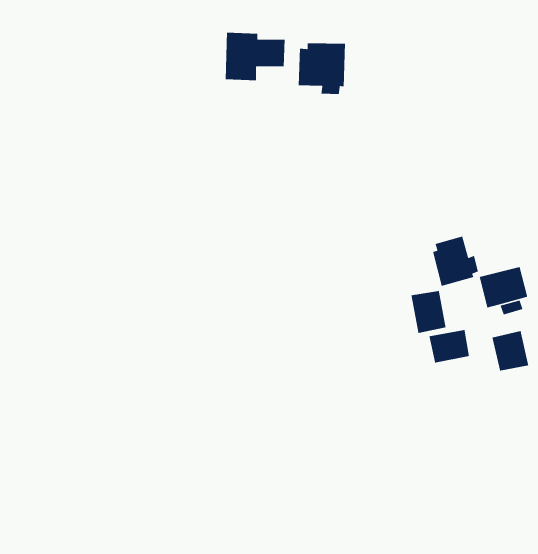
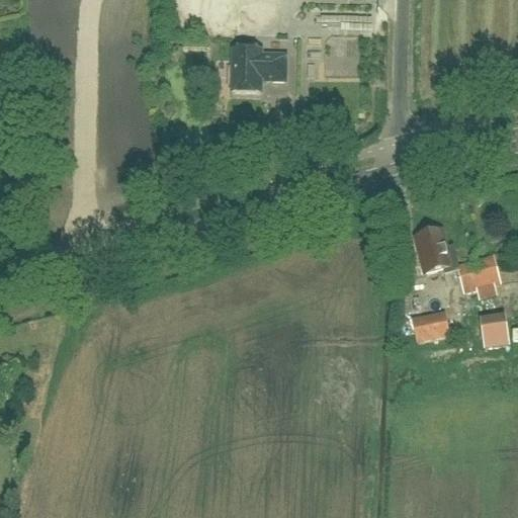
building: [298,43,346,95] -> none
building: [411,290,446,334] -> none

